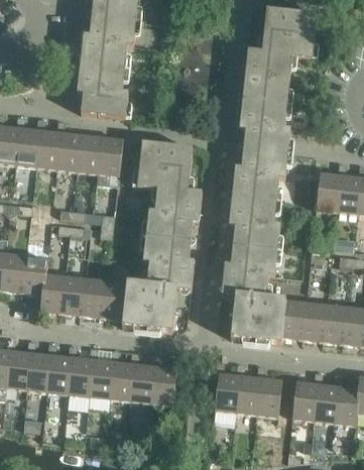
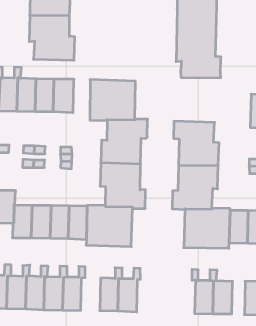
building: [231,147,287,201] -> none
building: [109,352,139,400] -> none
building: [214,361,240,413] -> none

